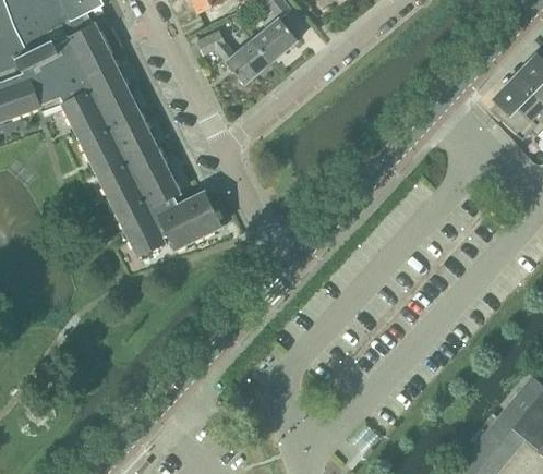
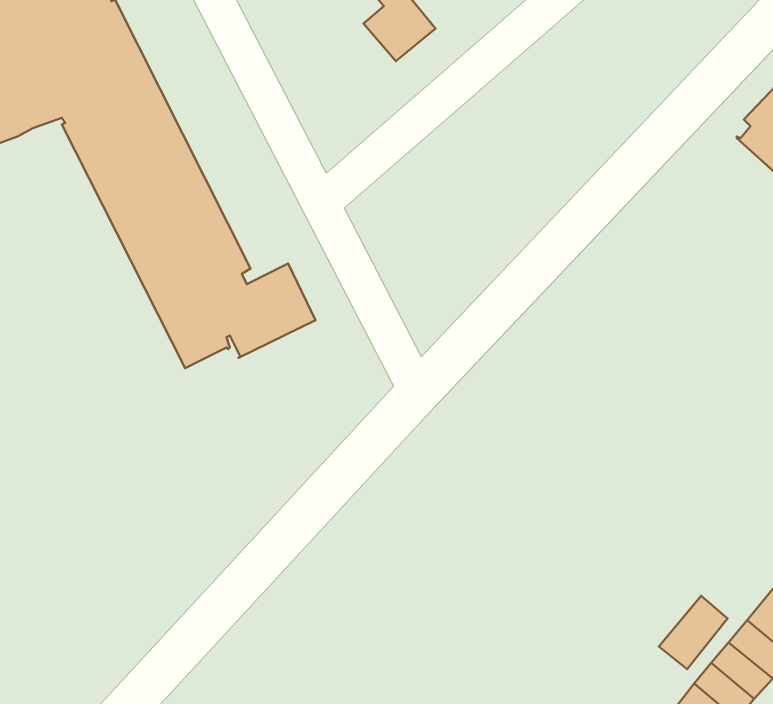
building: [196,31,274,85] -> none
building: none -> [659,596,728,669]

